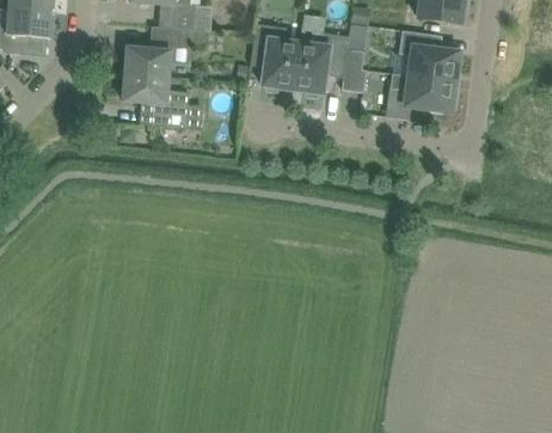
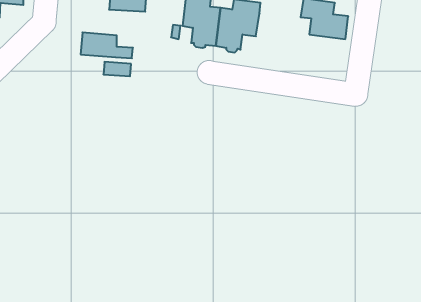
building: [124,47,170,77] -> none
building: [341,49,366,92] -> none
building: [390,73,455,111] -> none

